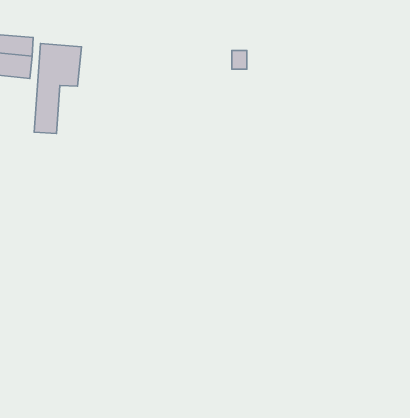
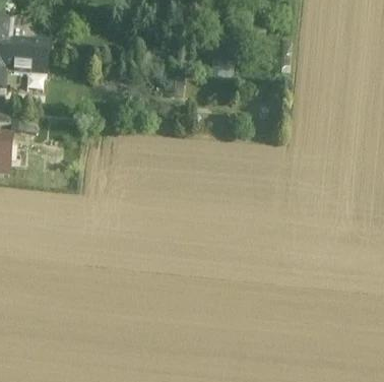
building: [34,43,82,134] -> none

